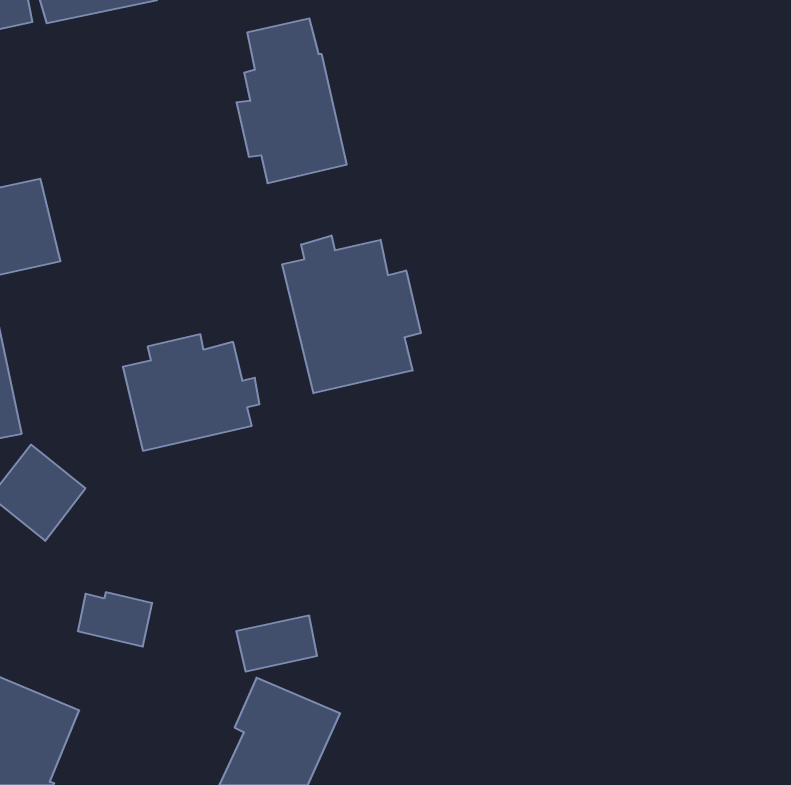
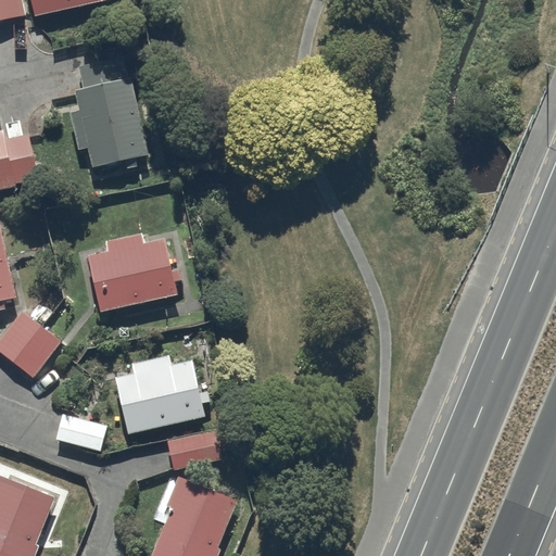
building: [236,18,347,183] -> [70,54,147,169]
building: [282,235,421,393] -> none
building: none -> [113,355,210,438]

